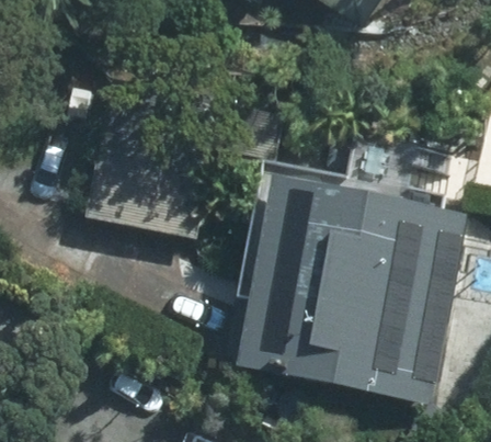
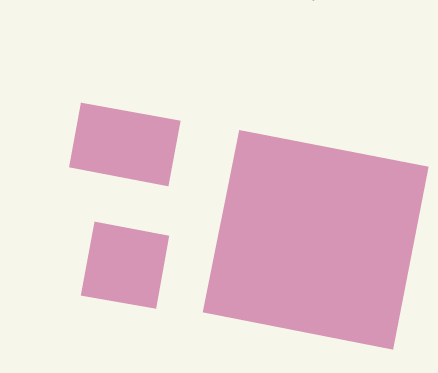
building: none -> [80,221,170,309]

